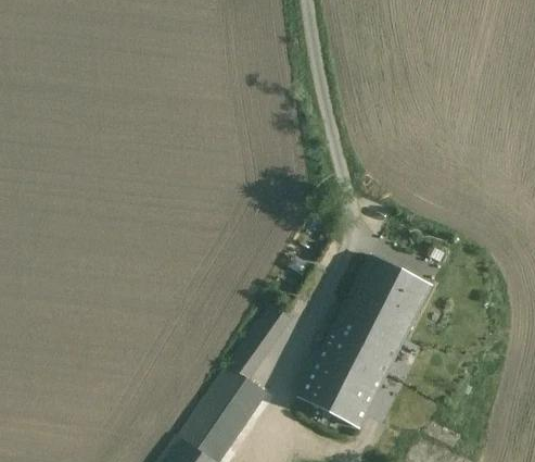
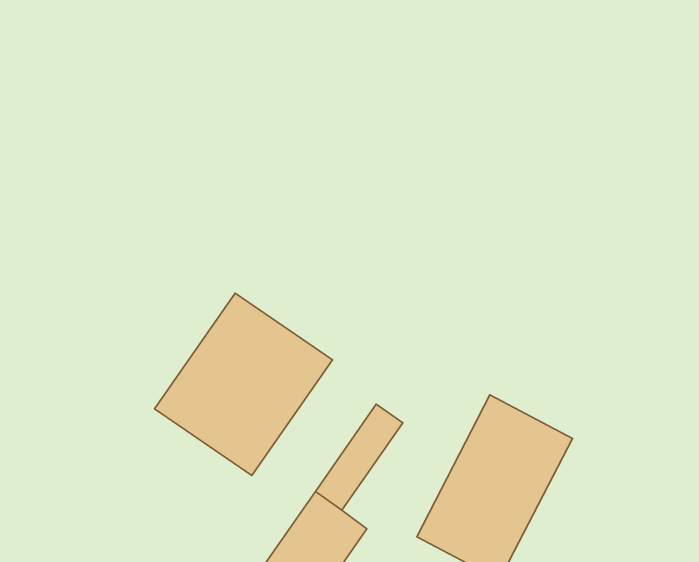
building: none -> [155,293,332,476]
building: [351,255,430,329] -> none

